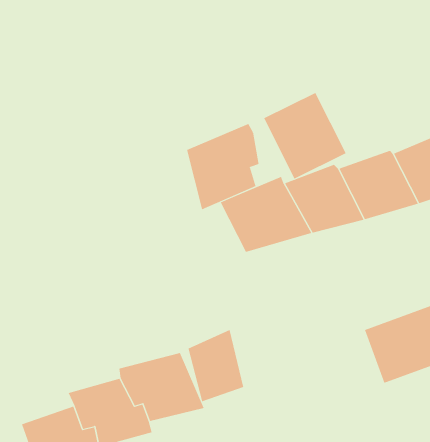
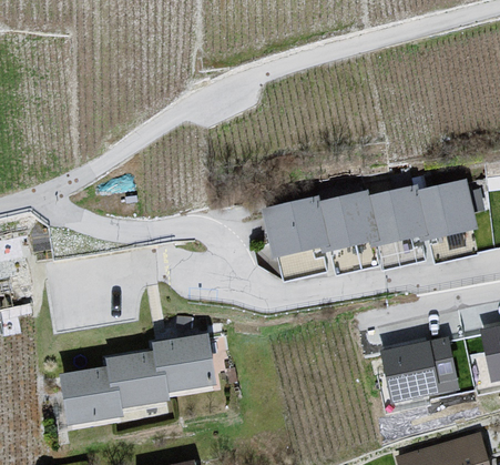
building: [263,92,346,179] -> none
building: [187,123,259,210] -> none
building: [188,329,244,402] -> none

